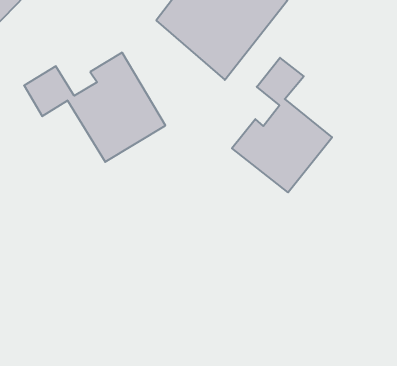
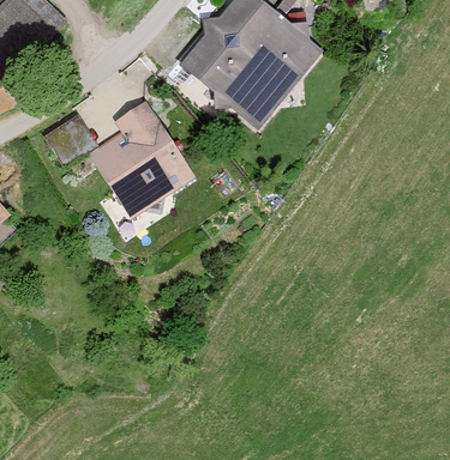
building: [232,58,332,192] -> none

